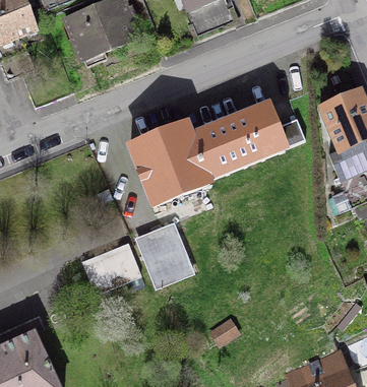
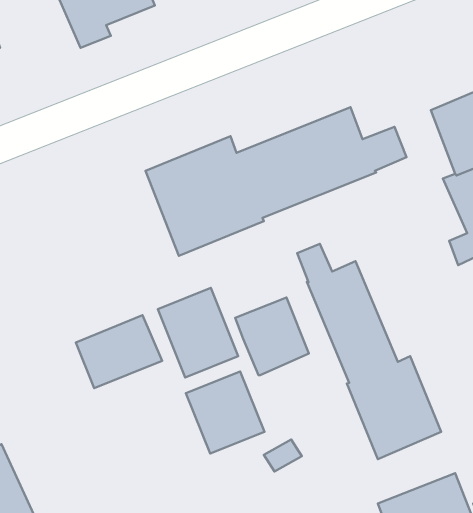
building: none -> [297,244,441,459]
building: none -> [235,297,309,375]
building: none -> [186,371,264,453]

